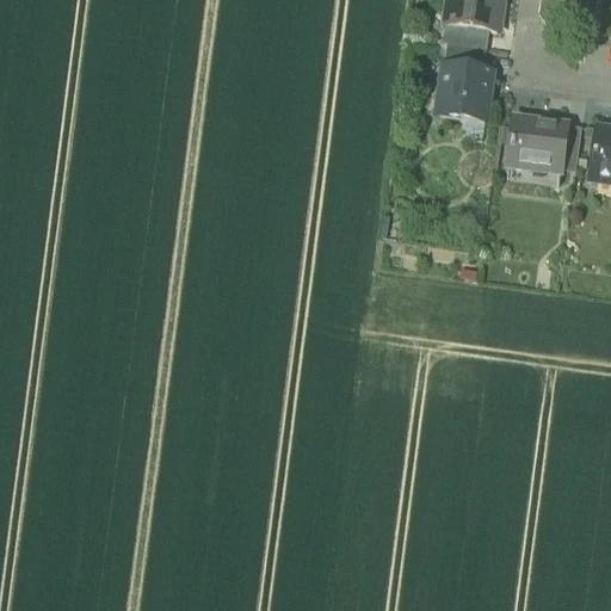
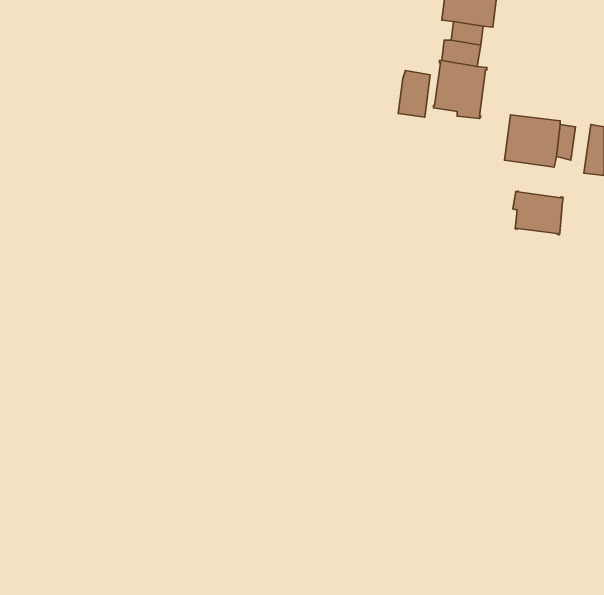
building: none -> [398,71,430,117]
building: none -> [513,191,563,235]

